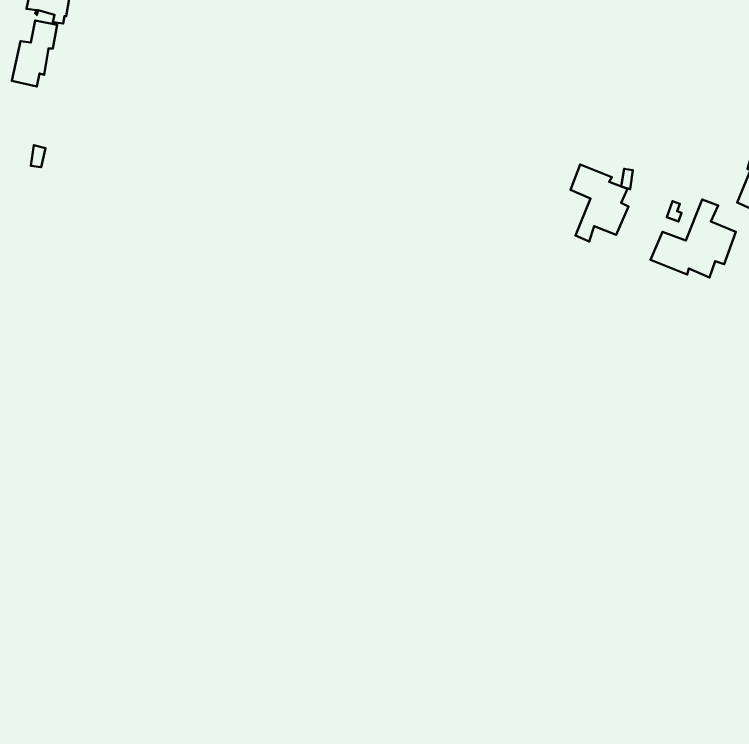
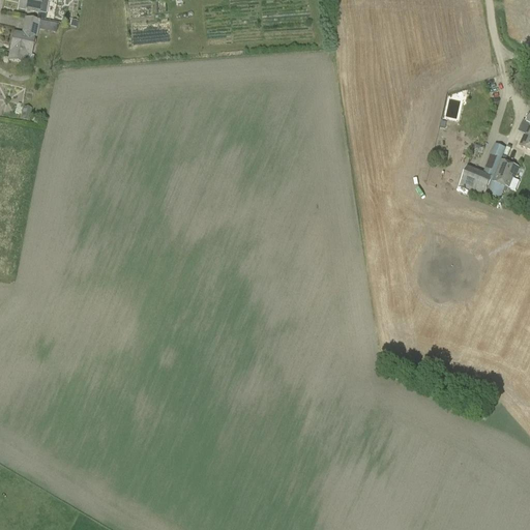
building: [570,164,629,241] -> none

